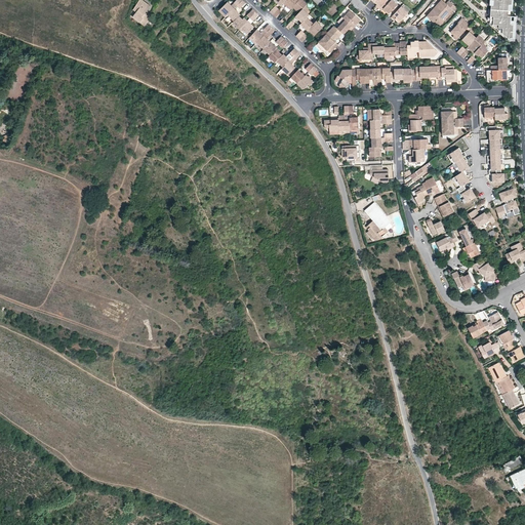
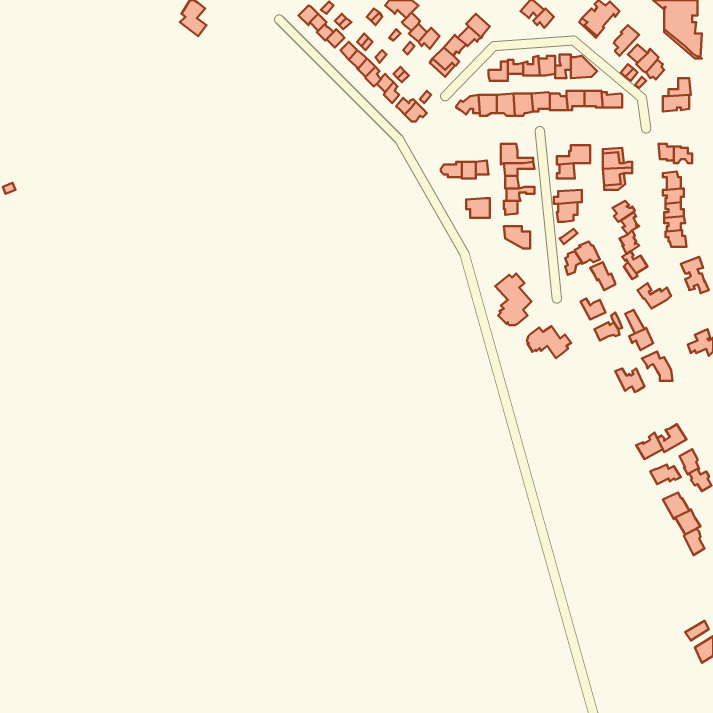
building: none -> [527,326,571,358]

